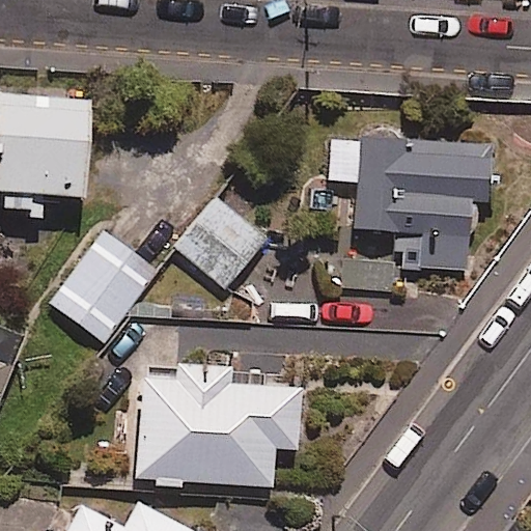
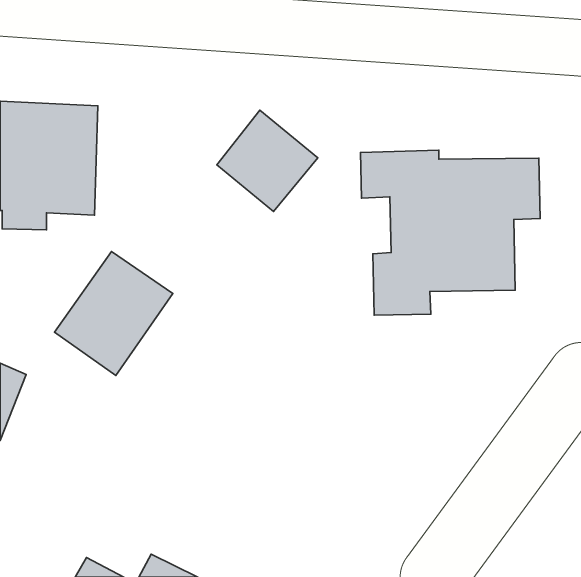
building: [173,194,266,286] -> [217,110,318,211]
building: [137,365,302,486] -> none

